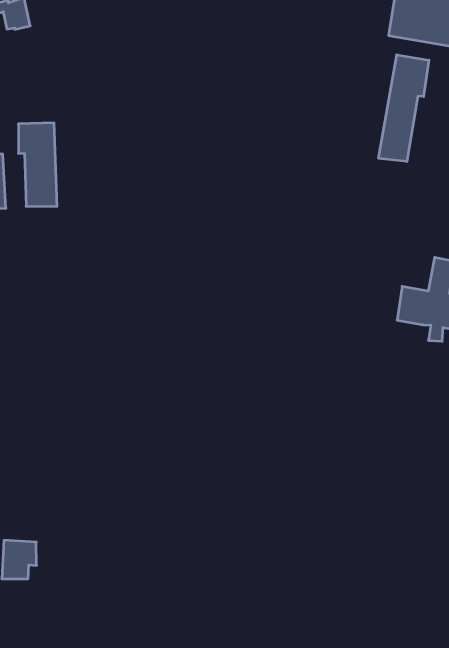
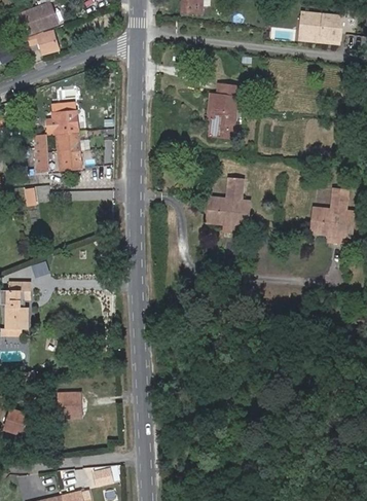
building: [379,55,429,162] -> none
building: none -> [211,94,236,138]
building: none -> [207,178,250,234]

